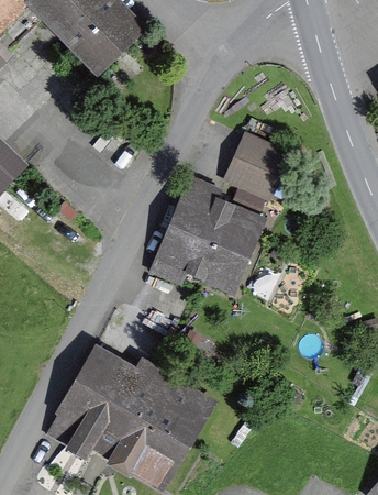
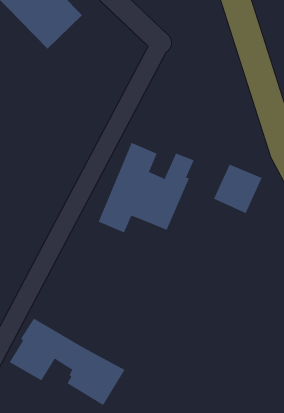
building: [229,138,286,196] -> [213,164,262,214]
building: [77,352,205,440] -> none

